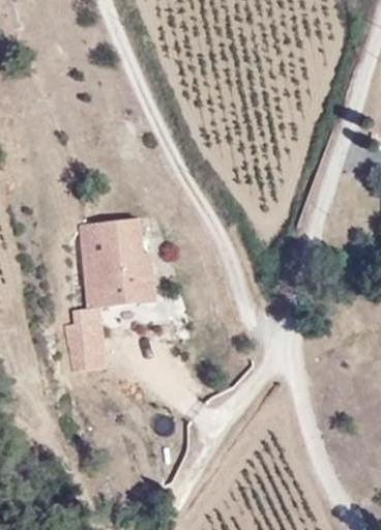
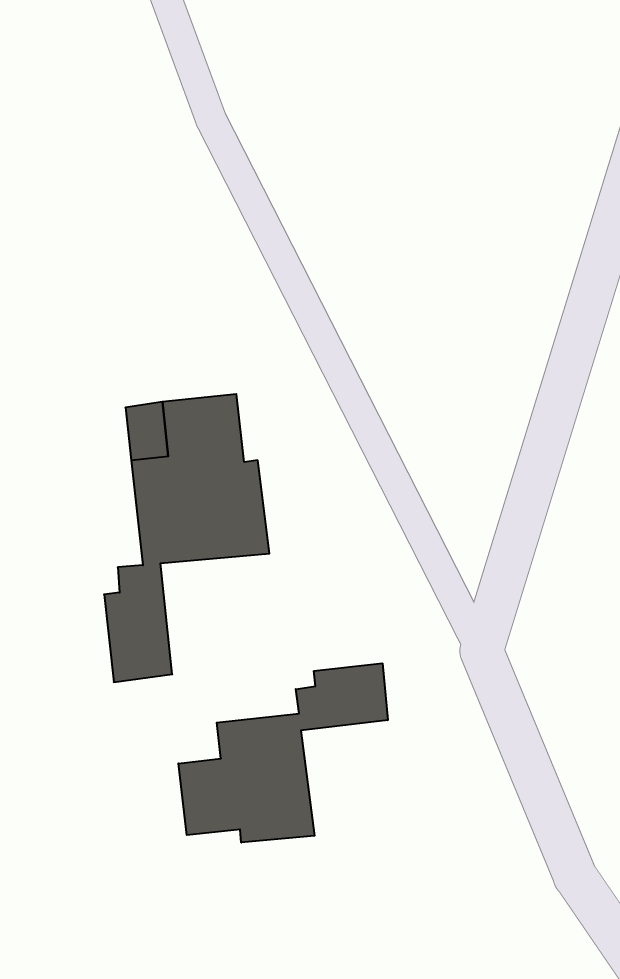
building: none -> [178,663,388,843]

